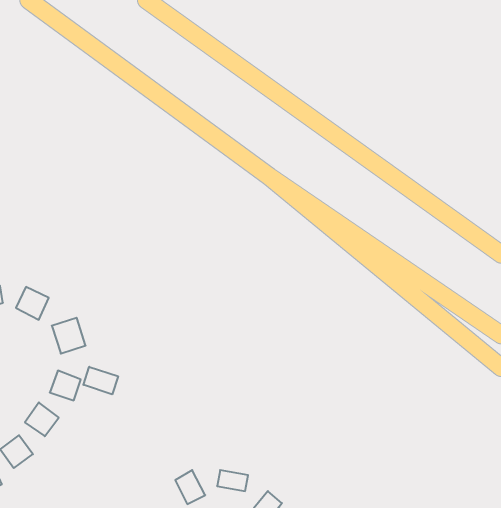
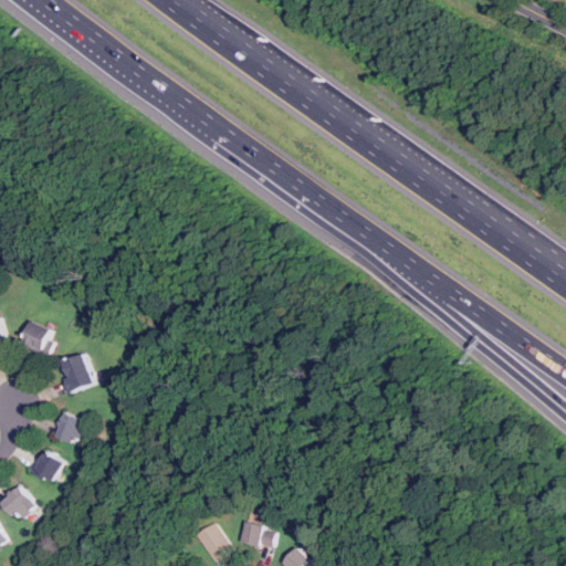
building: [83,367,118,394] -> none

